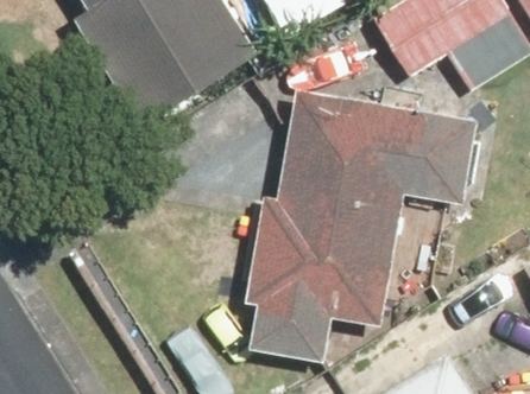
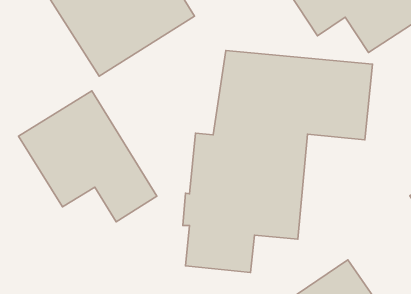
building: none -> [19,91,157,222]

